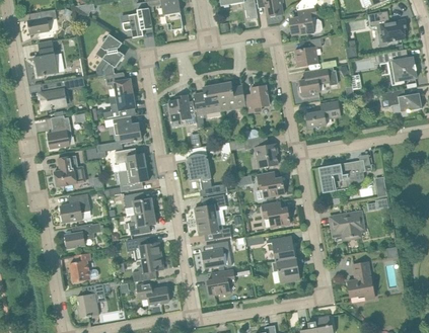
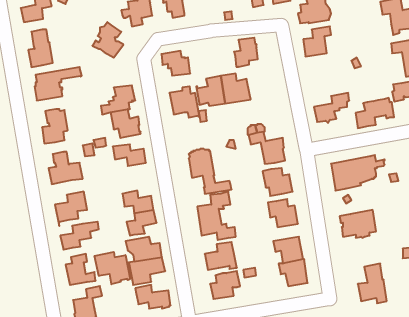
building: [300,66,337,94] -> [356,98,394,128]
building: [105,72,133,95] -> [161,51,190,76]
building: [246,85,269,112] -> [234,38,258,67]
building: [119,166,148,191] -> none
building: none -> [95,252,130,284]

